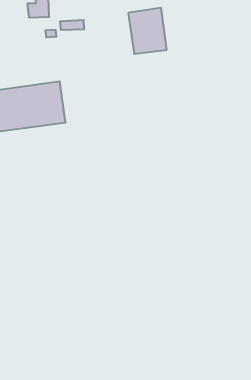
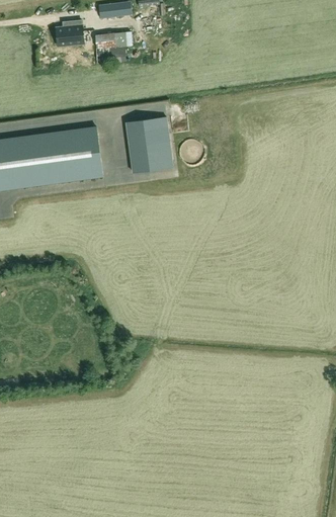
building: none -> [95,31,133,49]
building: [128,8,167,54] -> [125,115,173,172]

